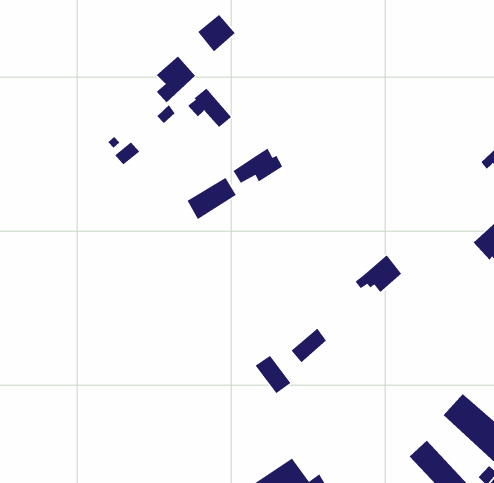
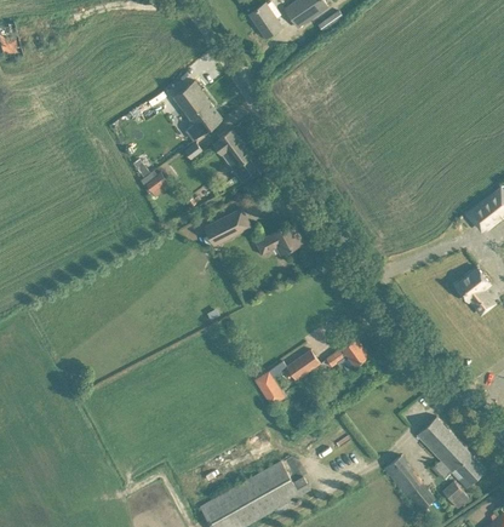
building: [197,14,236,53] -> [173,81,207,115]
building: [233,147,283,184] -> [257,224,302,254]
building: [355,254,402,293] -> [326,337,368,371]

